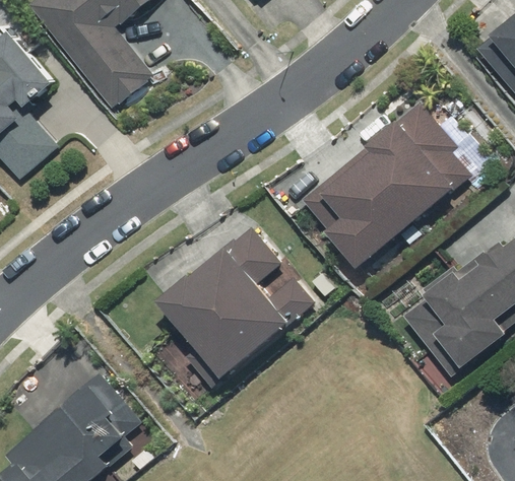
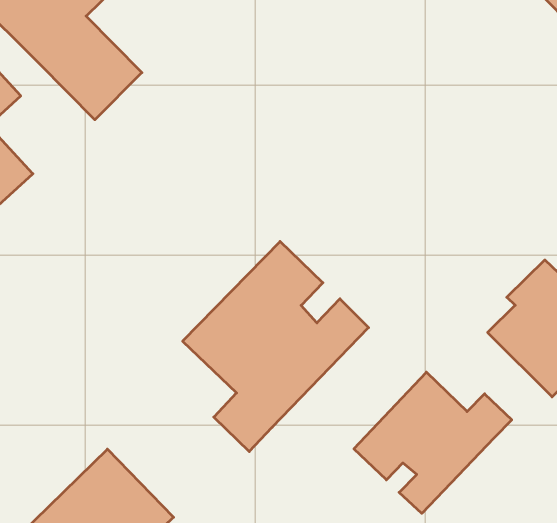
building: [305,101,468,265] -> none
building: none -> [354,372,512,513]

